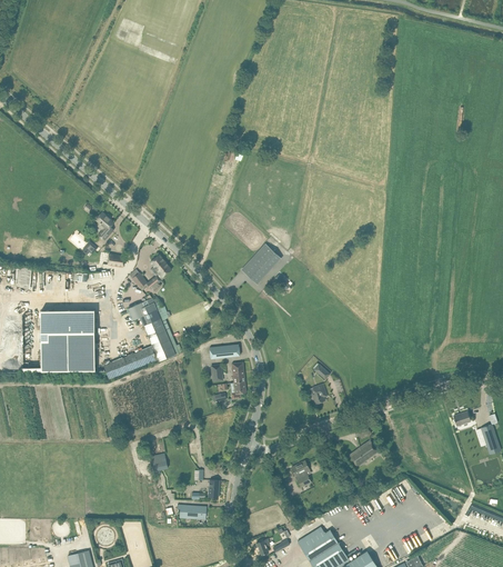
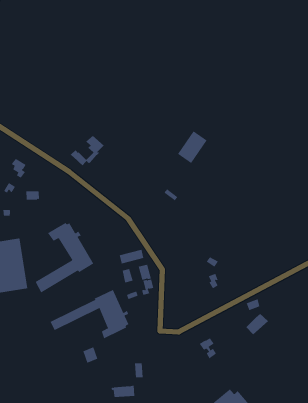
building: [241,245,280,285] -> [177,130,208,164]
building: [128,255,171,290] -> [70,135,105,166]
building: none -> [50,289,129,339]

